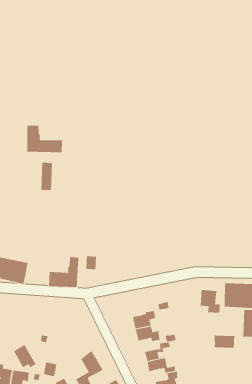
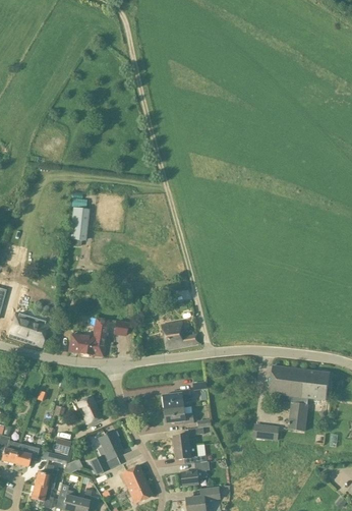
building: [27,125,63,153] -> none
building: none -> [162,321,199,349]
building: [200,289,220,313] -> none
building: [13,344,36,368] -> [77,396,103,424]

